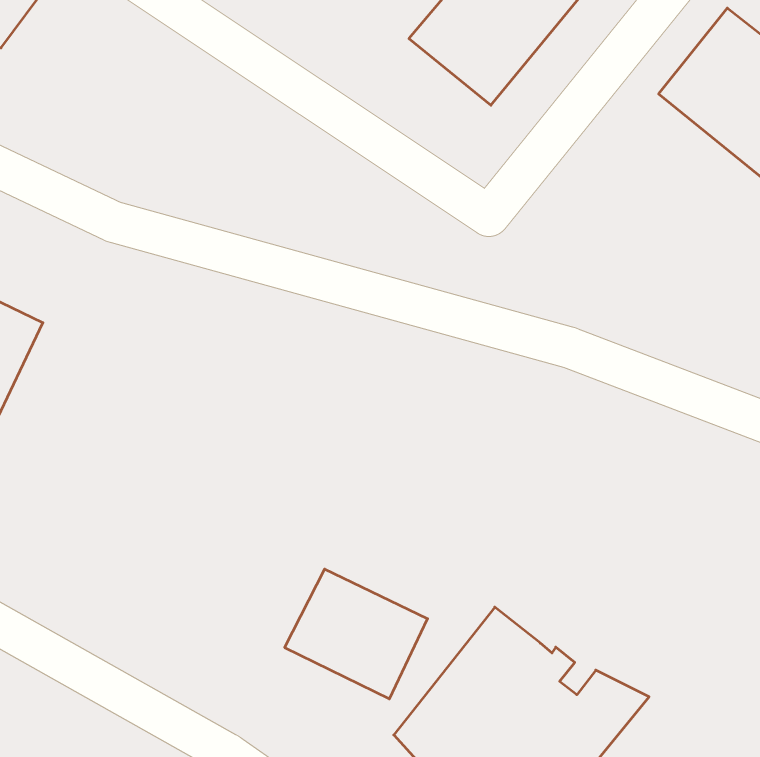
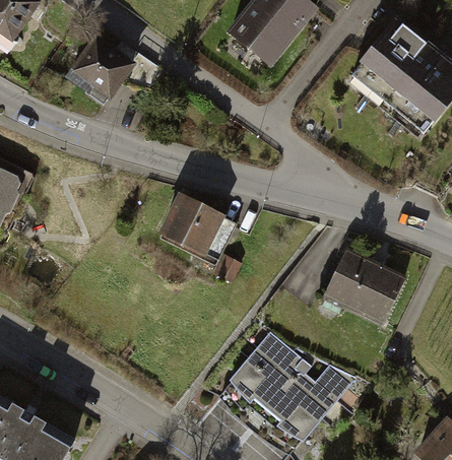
building: none -> [70,36,130,95]
building: none -> [323,251,405,325]
building: [285,569,428,699] -> [157,196,234,265]

